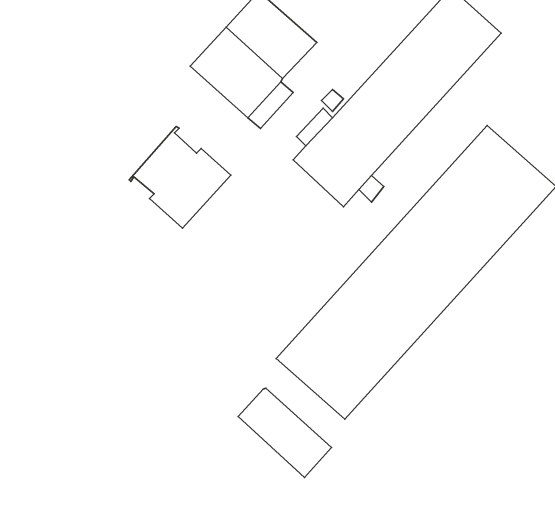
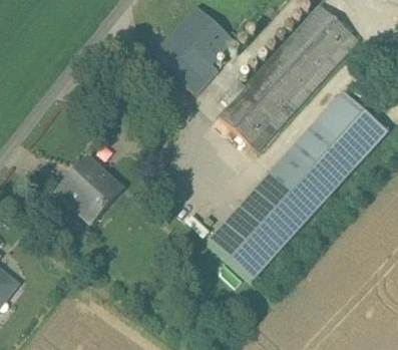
building: [129,127,231,228] -> [58,156,123,222]
building: [238,388,331,477] -> none

